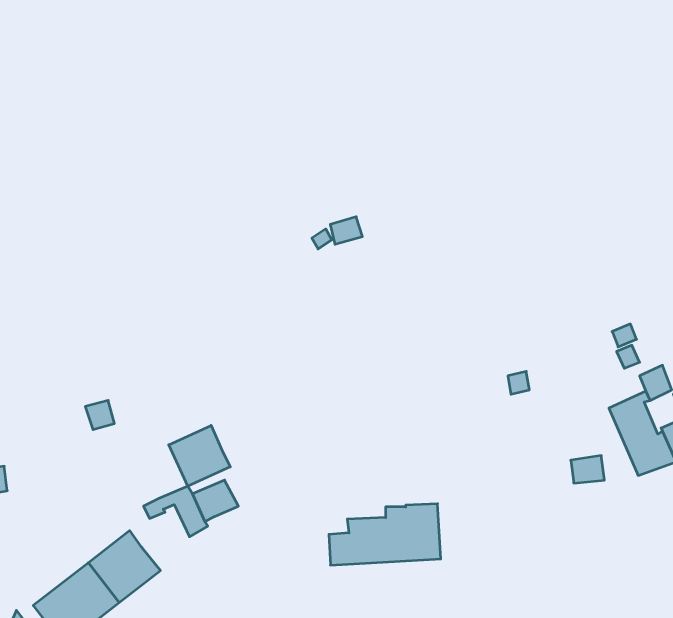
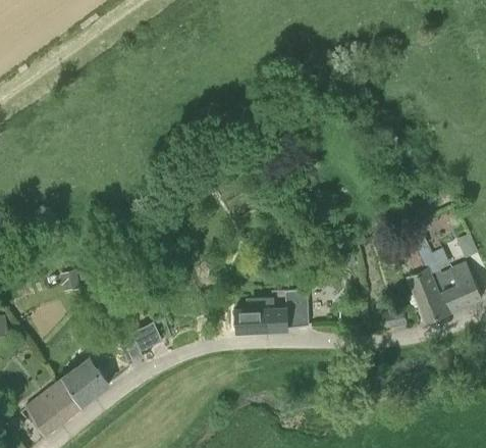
building: [169,425,230,486] -> none
building: [329,504,441,565] -> [234,291,309,332]

